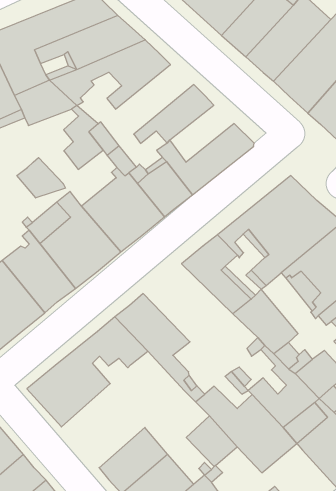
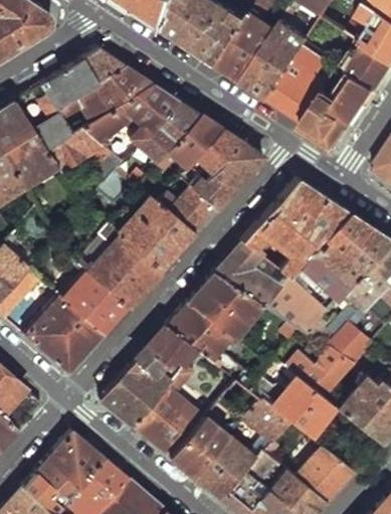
building: none -> [136,101,201,166]
building: none -> [188,130,241,183]
building: [17,158,65,198] -> none
building: none -> [186,272,266,338]
building: none -> [134,366,206,460]

